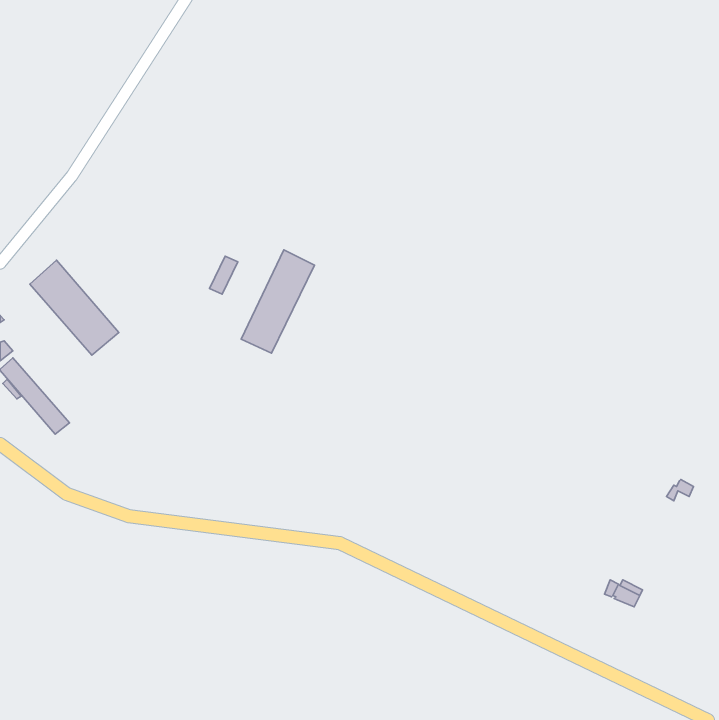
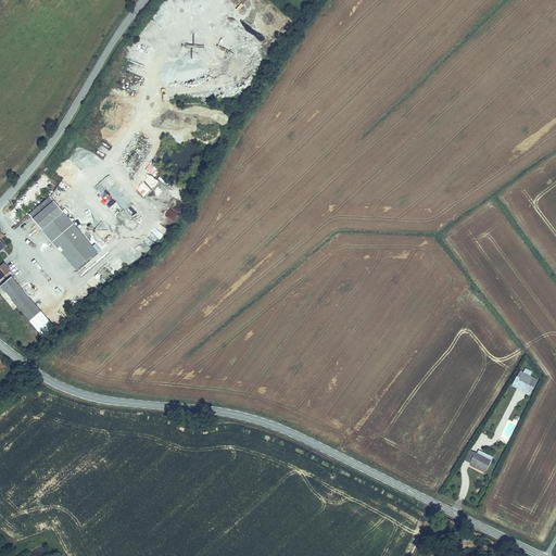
building: [241,250,315,353] -> none

